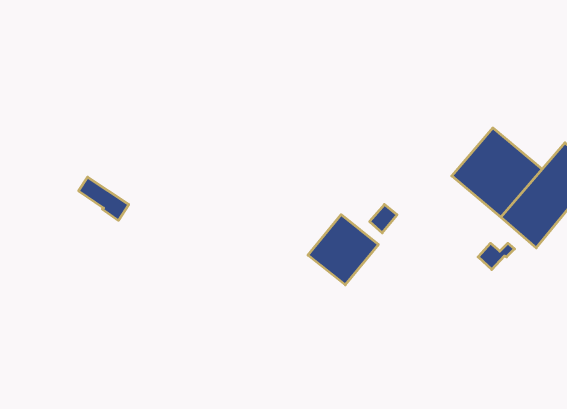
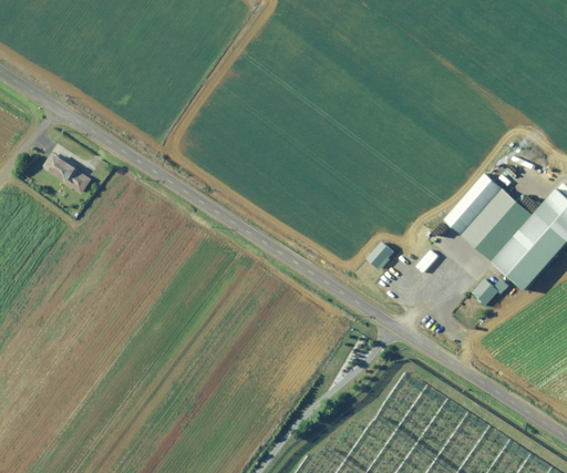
building: [79,177,129,220] -> [42,155,91,197]
building: [308,215,378,285] -> none

